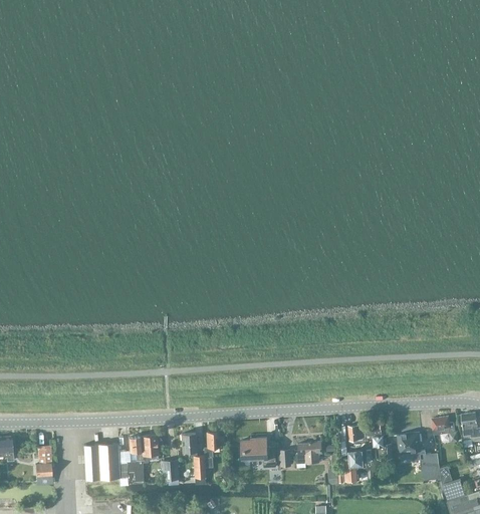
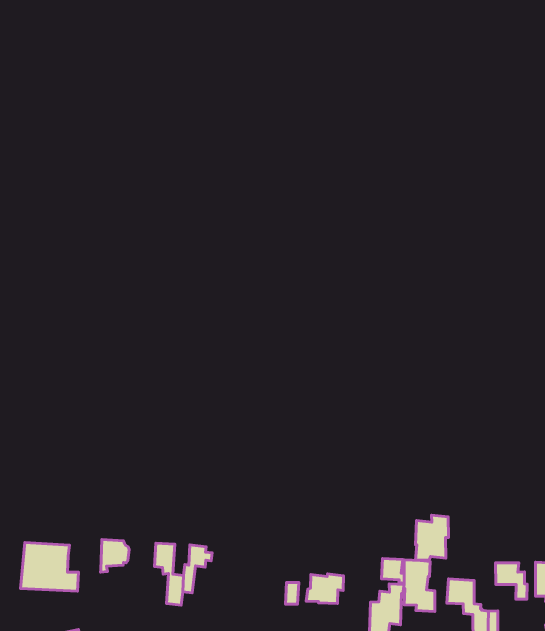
building: none -> [415,515,448,560]
building: [117,437,143,482] -> none
building: [241,438,276,468] -> none
building: [161,461,178,484] -> none

